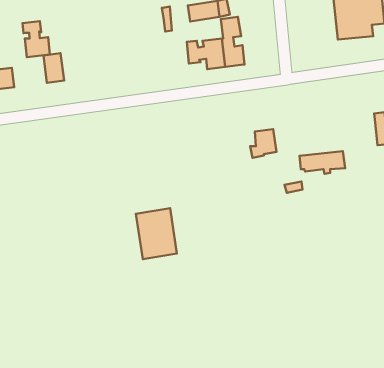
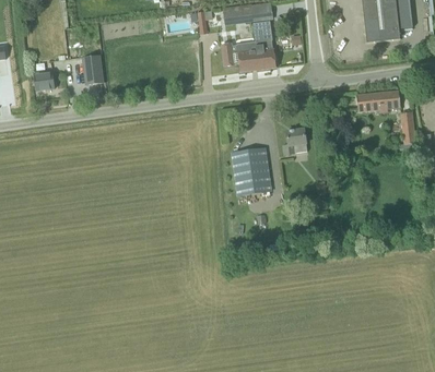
building: [22,21,50,57] -> none
building: [300,151,345,174] -> [356,89,400,111]
building: [136,208,177,259] -> [232,146,271,195]

